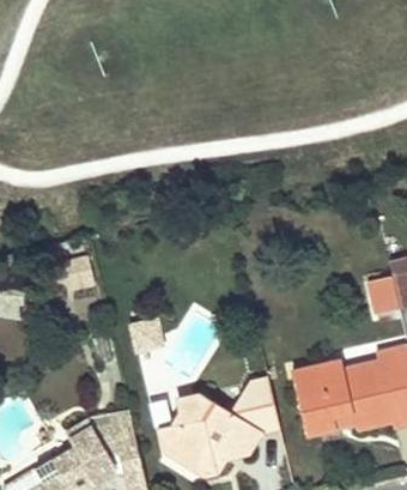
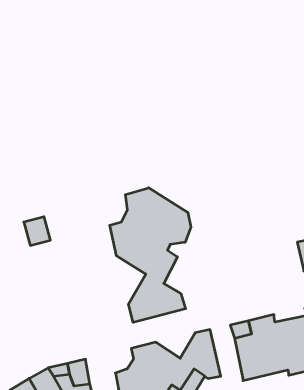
building: none -> [110,188,191,322]

